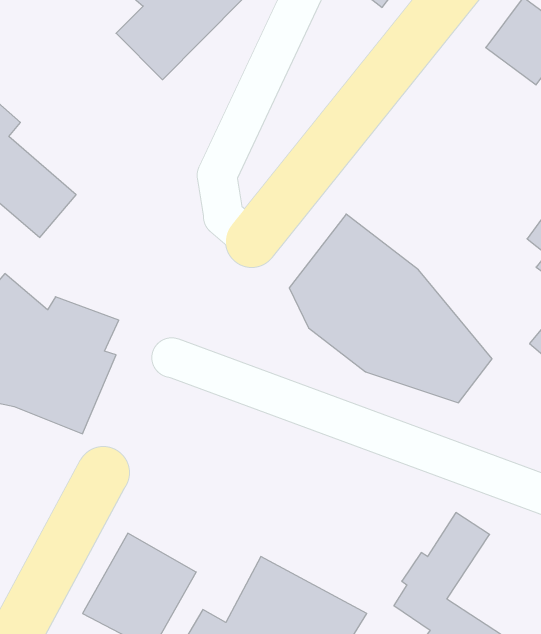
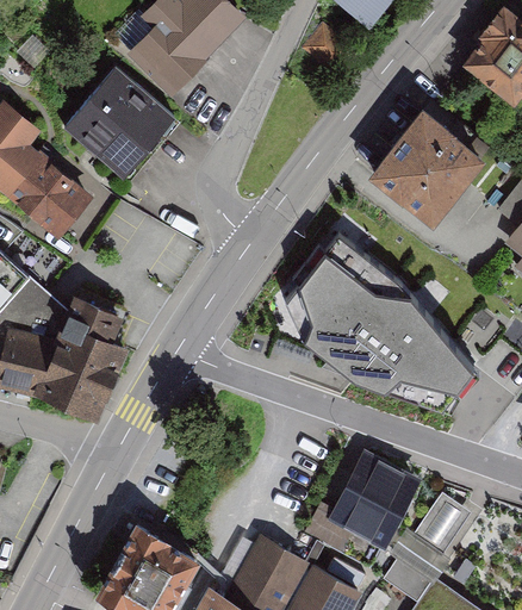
building: none -> [66,67,174,175]
building: none -> [369,100,487,219]
building: none -> [309,453,421,552]

